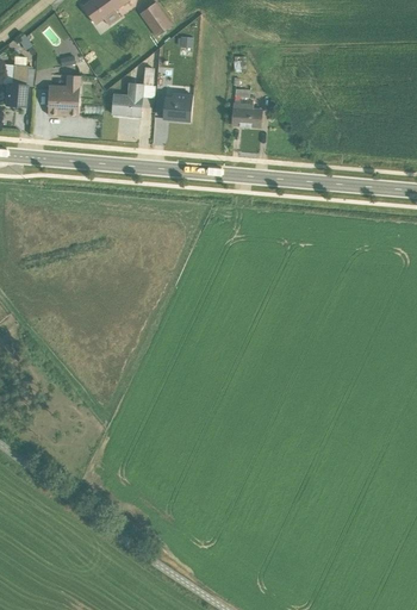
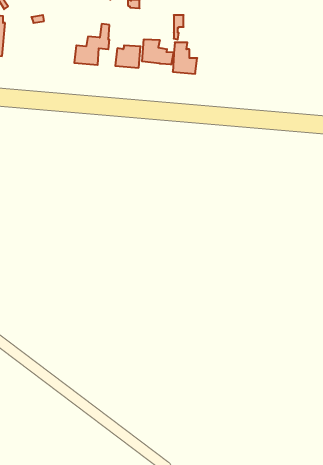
building: [46,75,79,116] -> none
building: none -> [142,39,173,65]

